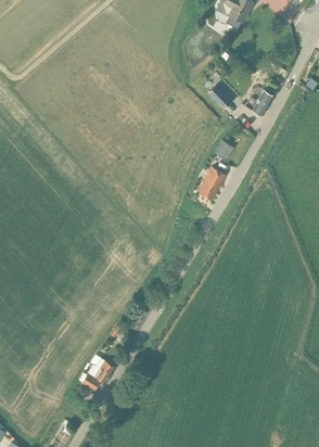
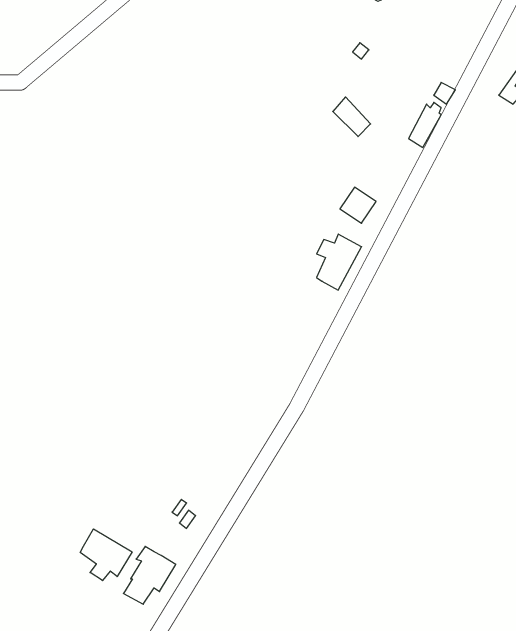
building: none -> [80,529,132,581]

